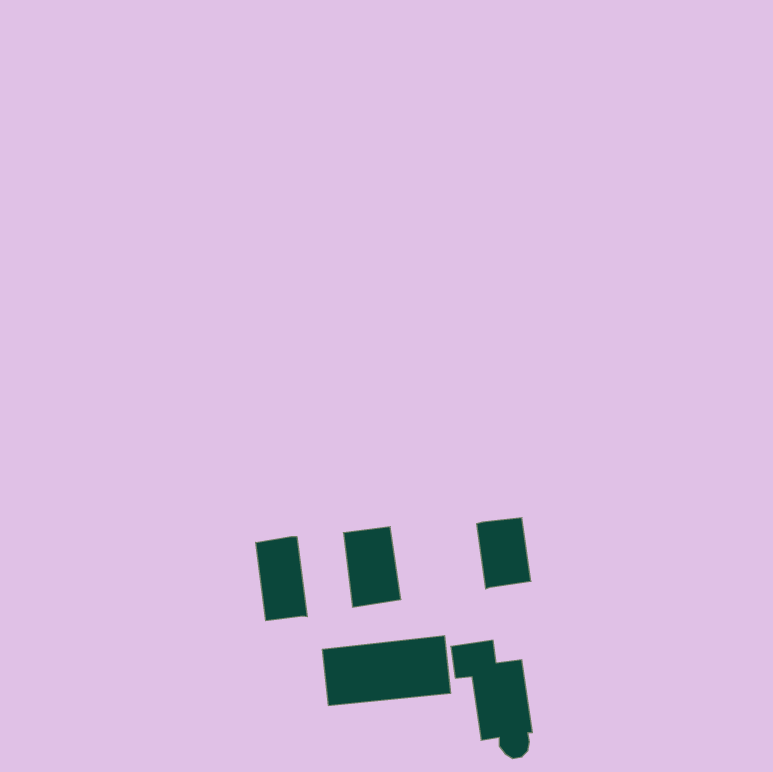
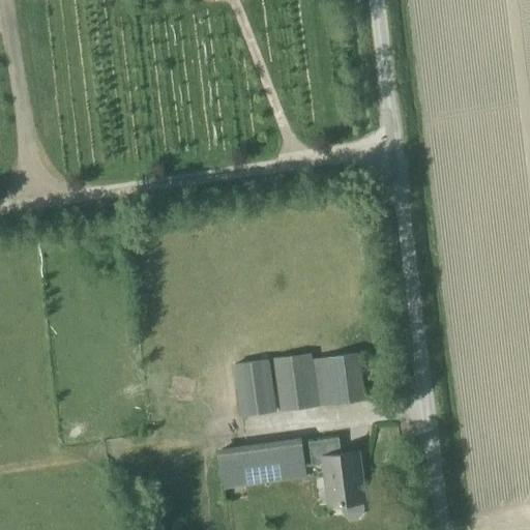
building: none -> [272,355,317,411]
building: [256,537,307,621] -> none

